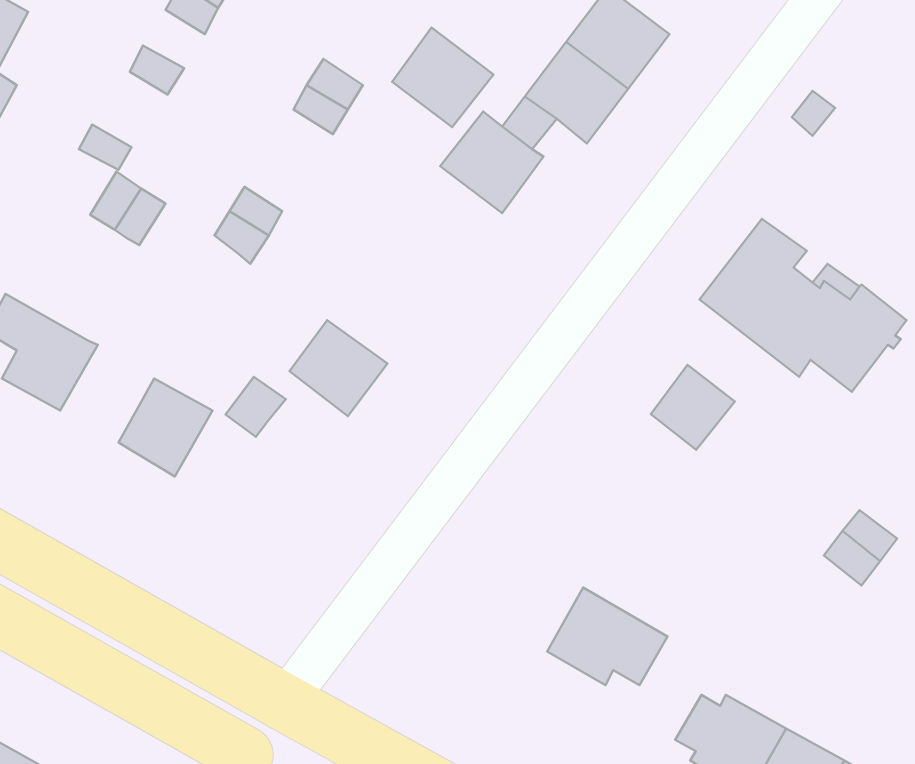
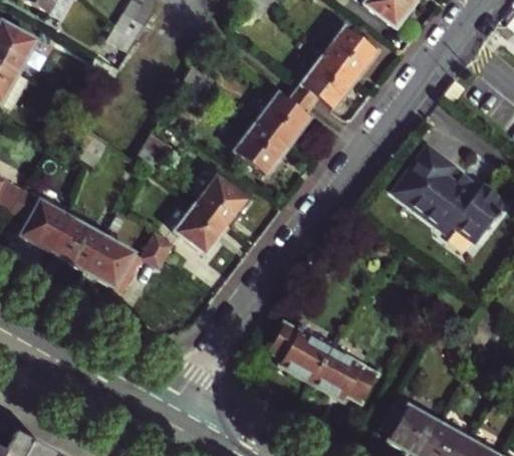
building: [392,27,494,127] -> [234,122,288,175]
building: none -> [195,176,247,227]
building: none -> [52,217,102,269]
building: [651,365,735,450] -> none
building: none -> [269,319,331,381]

